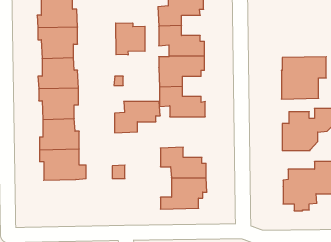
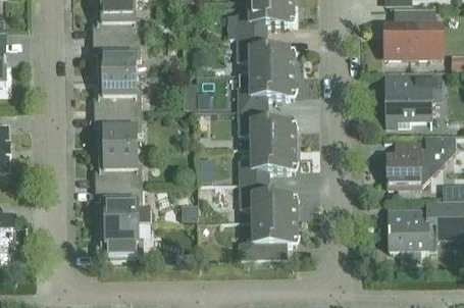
building: none -> [385,9,434,57]
building: [116,23,145,55] -> none
building: [115,101,160,133] -> [241,146,296,184]
building: none -> [96,221,144,260]

